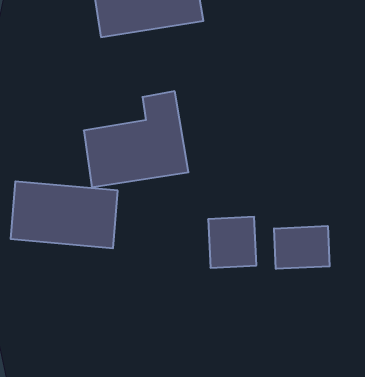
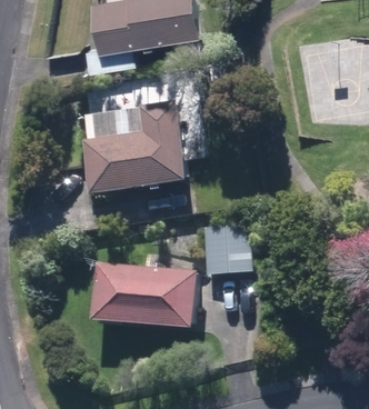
building: [11,181,118,248] -> [92,265,196,329]
building: [274,226,330,269] -> none

